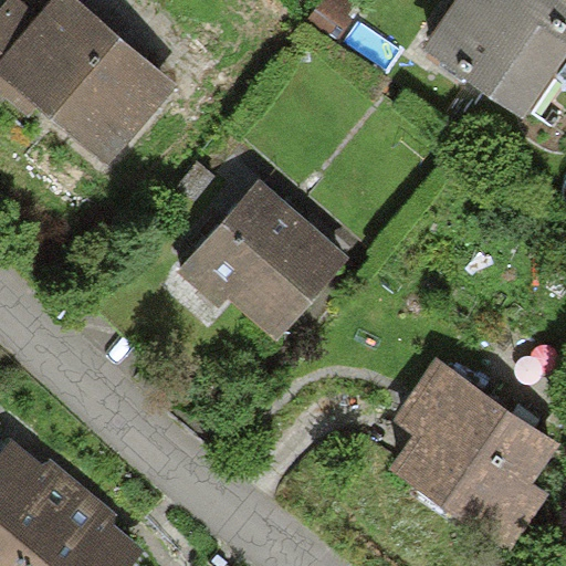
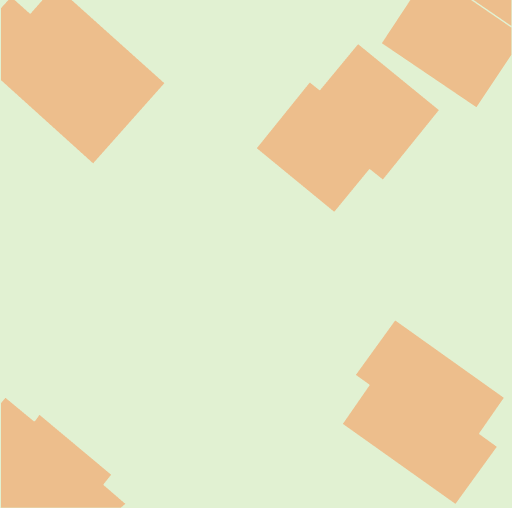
building: none -> [256,43,440,213]
building: [178,178,347,346] -> none

